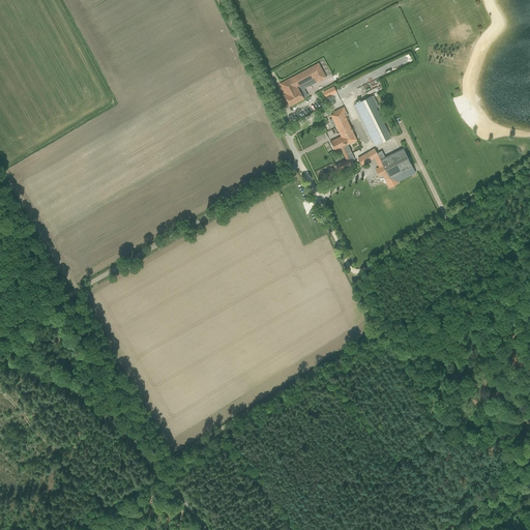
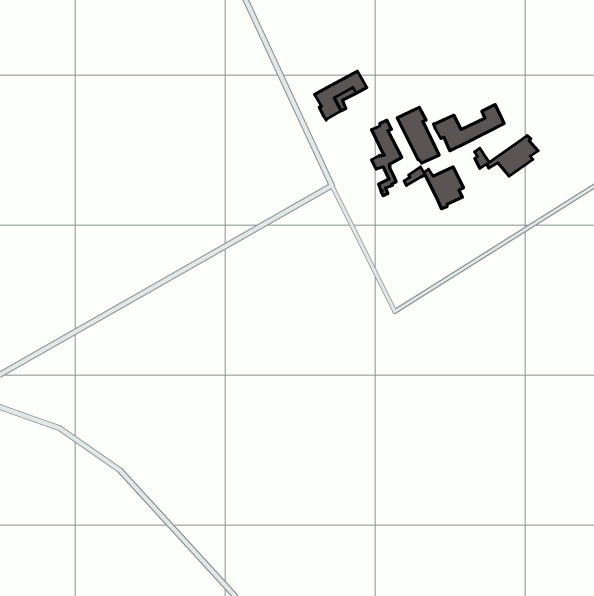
building: none -> [434,105,504,151]
building: none -> [475,135,538,176]

